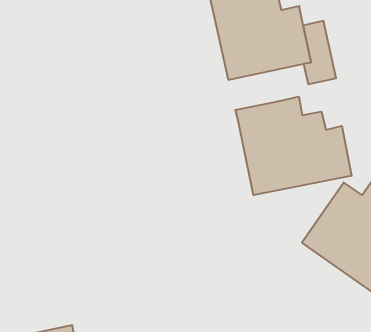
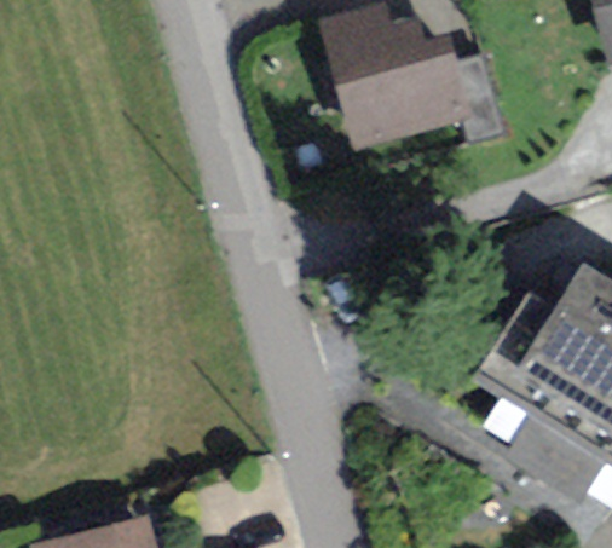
building: [235,97,352,195] -> none

